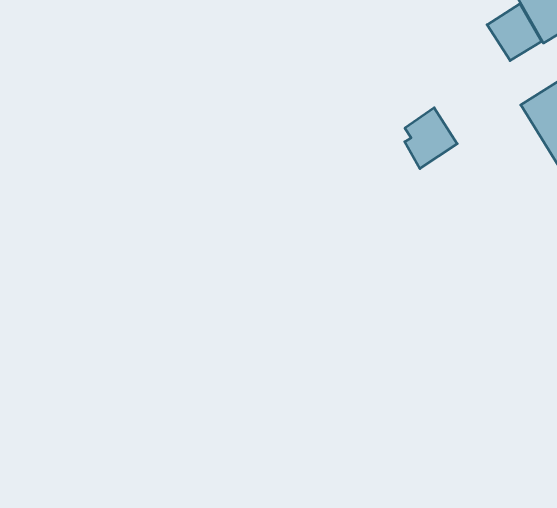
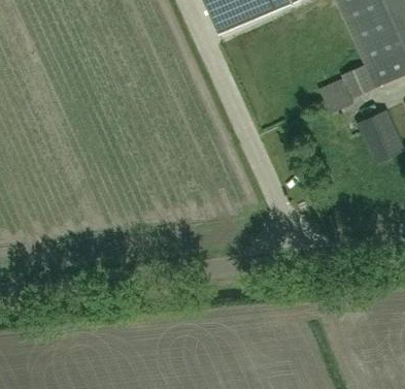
building: [405,108,457,169] -> [324,77,356,114]

